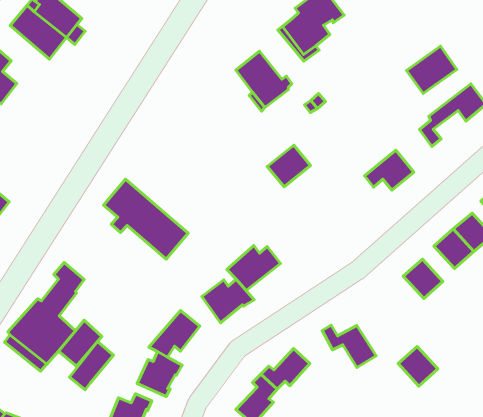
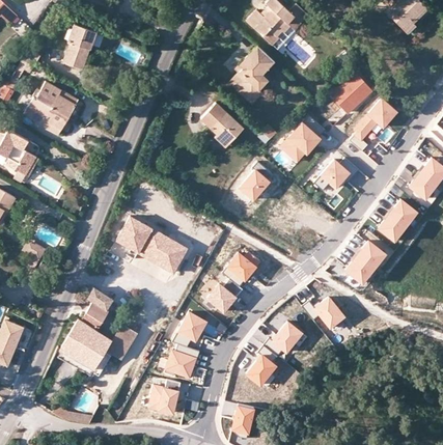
building: none -> [279,122,322,164]
building: [69,342,113,390] -> none
building: [398,347,438,386] -> [343,255,375,285]

